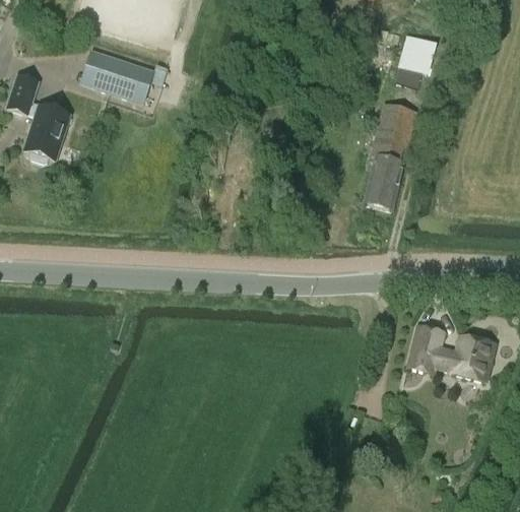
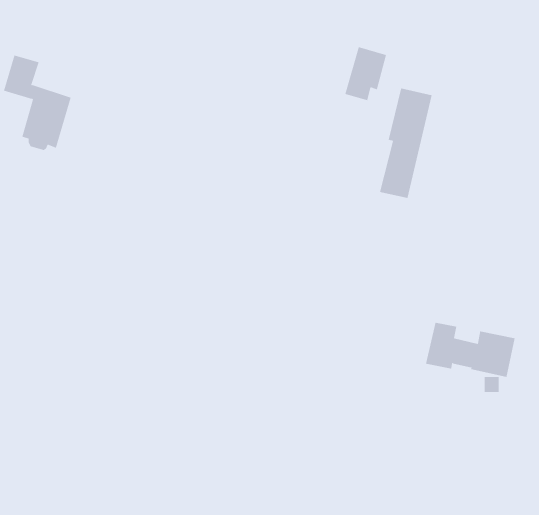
building: [395,34,436,85] -> [344,46,387,101]
building: [81,50,154,104] -> none

